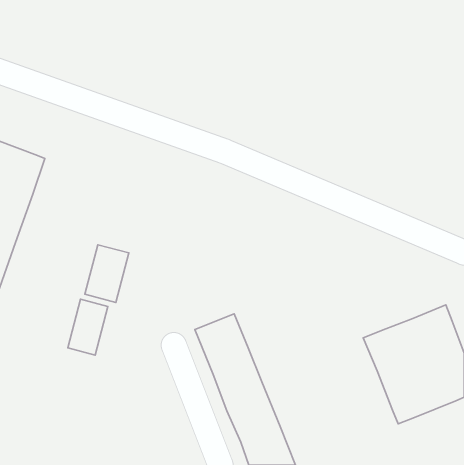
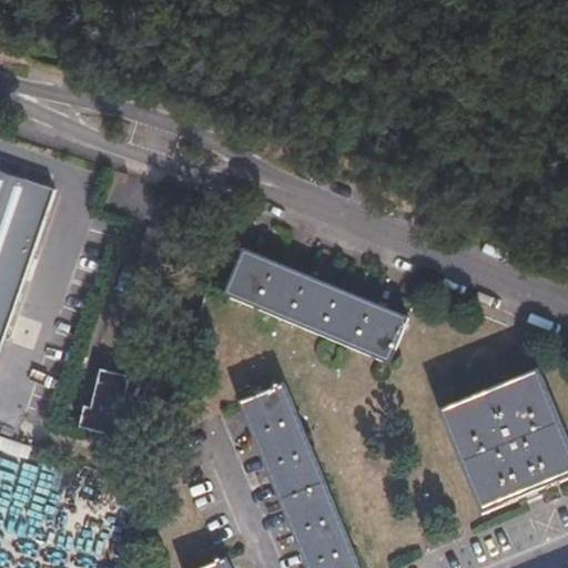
building: none -> [224,247,410,365]
building: [85,245,129,302] -> none

